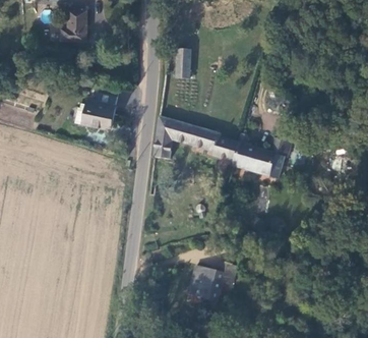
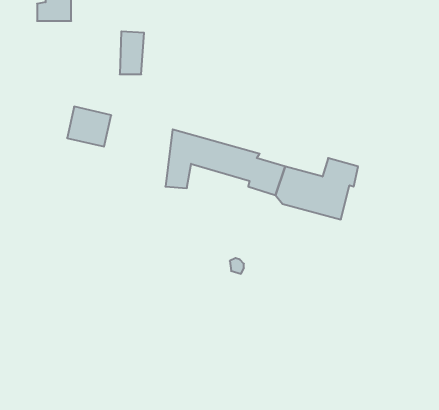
building: [173,47,190,77] -> [120,31,144,74]
building: [189,263,238,301] -> none

